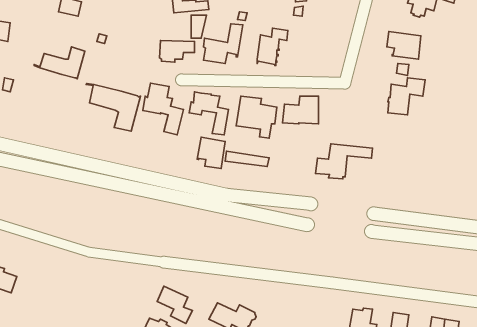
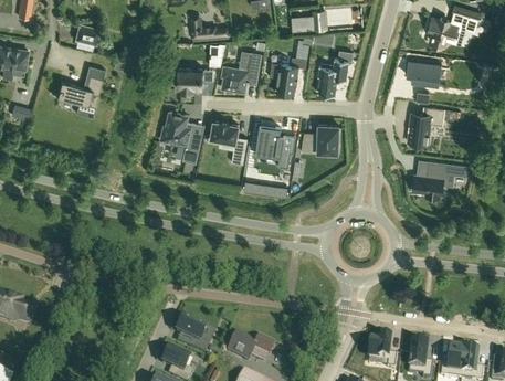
building: none -> [316,52,351,96]
building: [86,83,140,131] -> none
building: [197,137,225,169] -> none
building: [315,144,372,179] -> [411,162,469,198]

